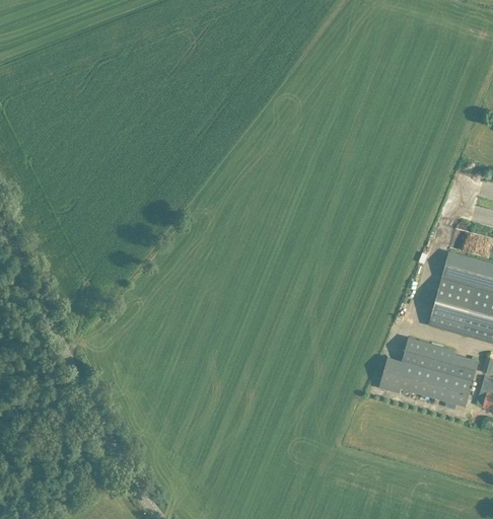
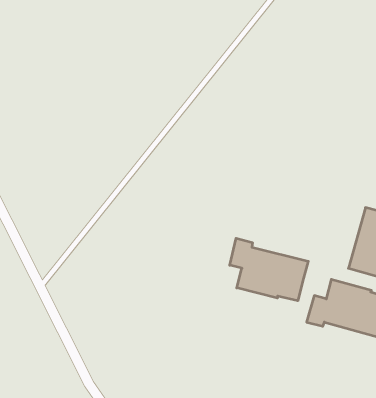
building: none -> [230,238,308,301]

